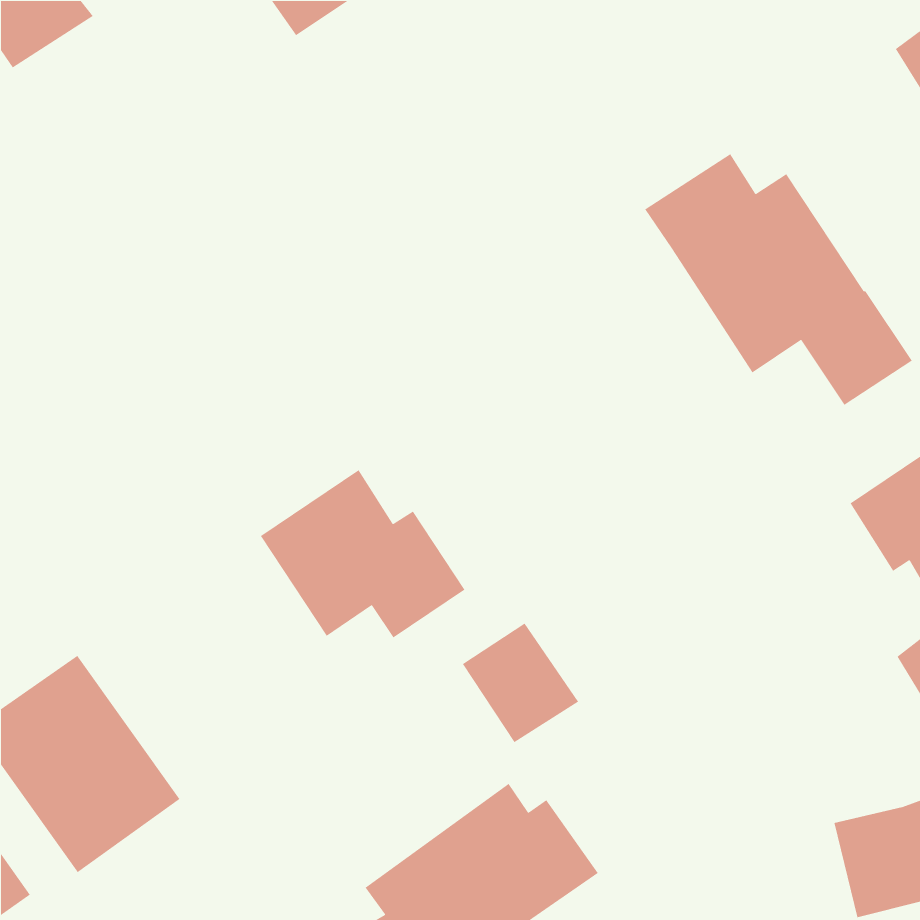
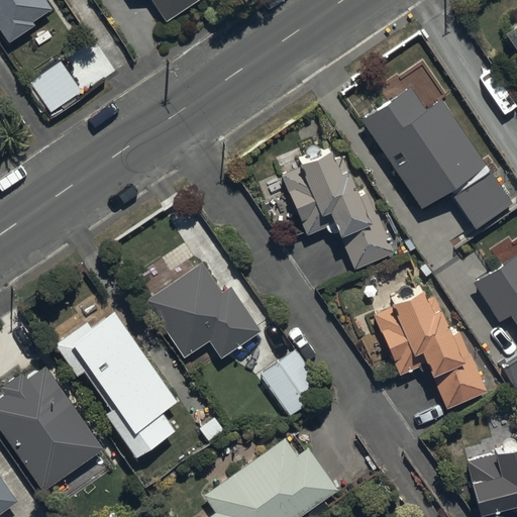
building: none -> [31,61,82,112]
building: none -> [282,148,393,270]
building: none -> [375,290,486,409]
building: none -> [55,313,178,458]

